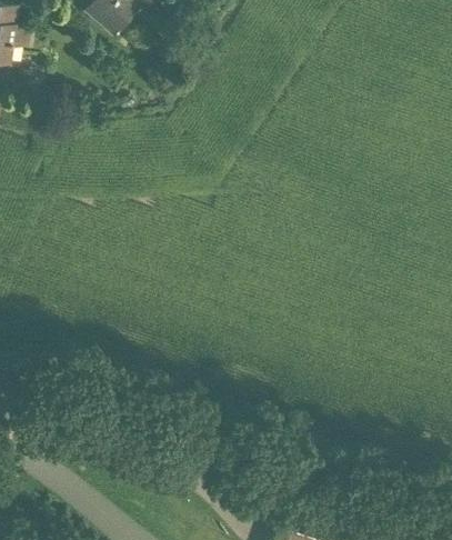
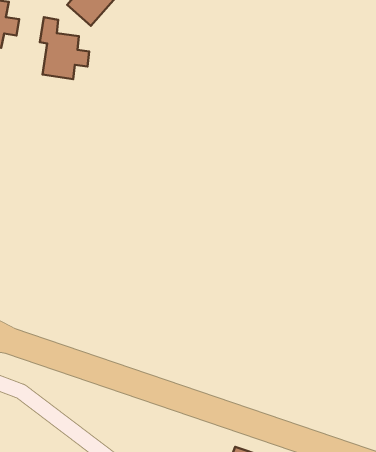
building: none -> [40,17,89,79]

